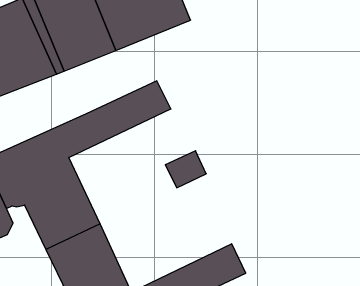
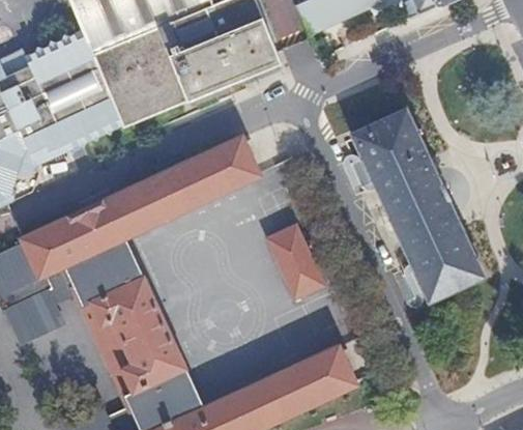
building: none -> [351,107,484,303]
building: none -> [265,256,316,302]

